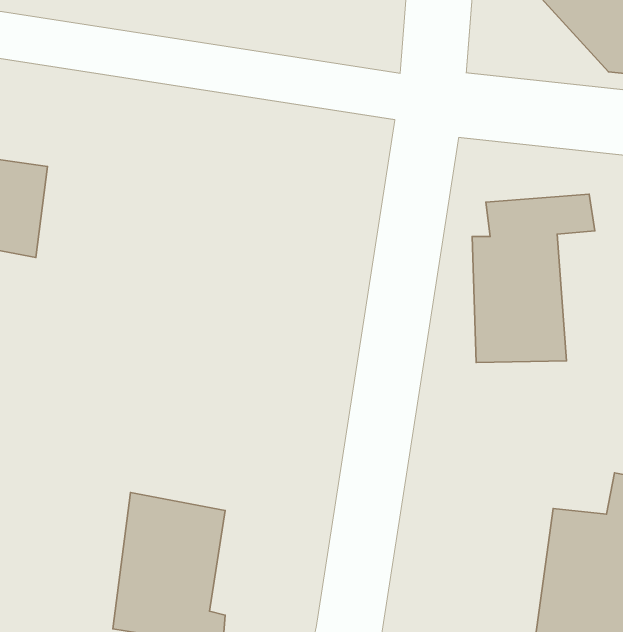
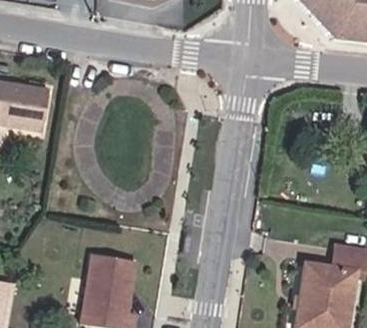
building: [472,194,595,363] -> none

